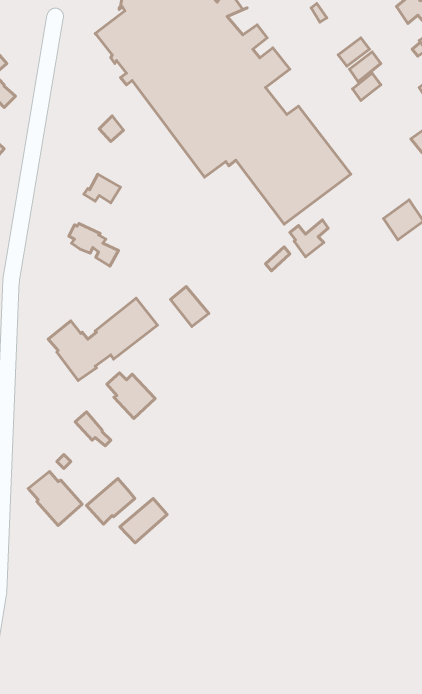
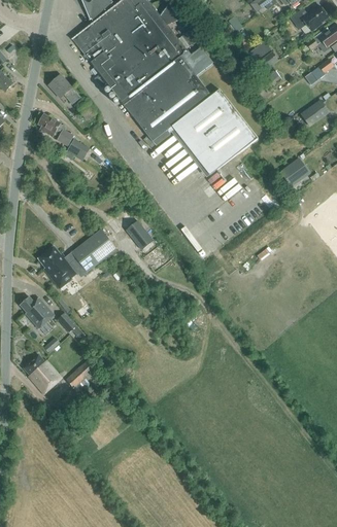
building: none -> [48,74,80,103]
building: [69,223,119,266] -> [38,114,74,145]
building: [107,373,155,418] -> [20,295,55,328]
building: [120,498,167,543] -> none

